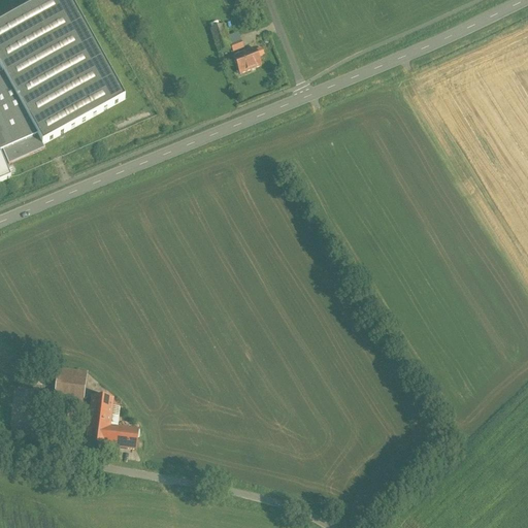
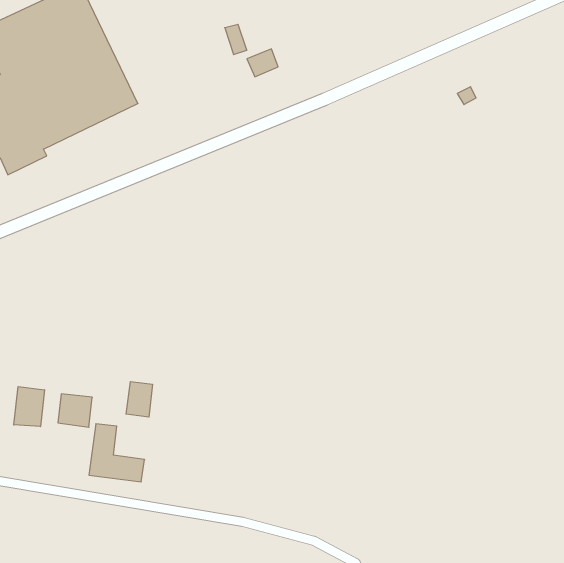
building: none -> [126,382,152,417]
building: none -> [14,387,44,427]

